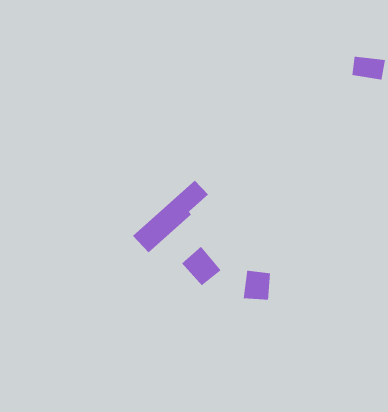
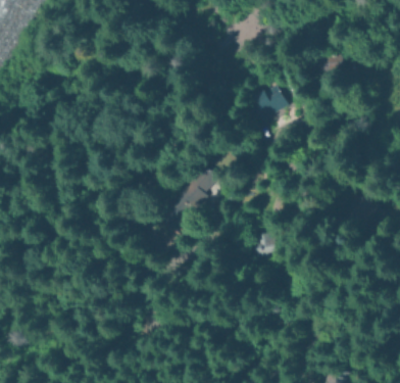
building: none -> [250,83,290,119]
building: [181,246,222,286] -> none

